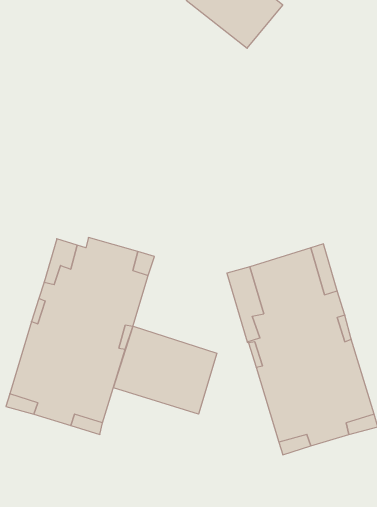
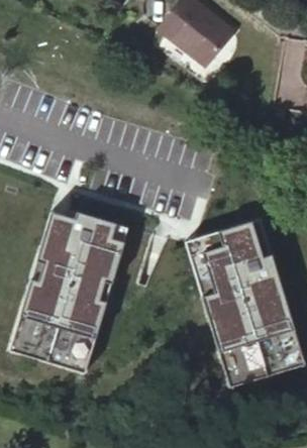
building: [113,326,217,414] -> none

